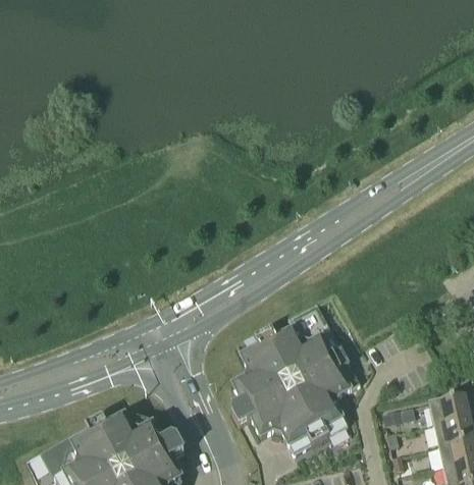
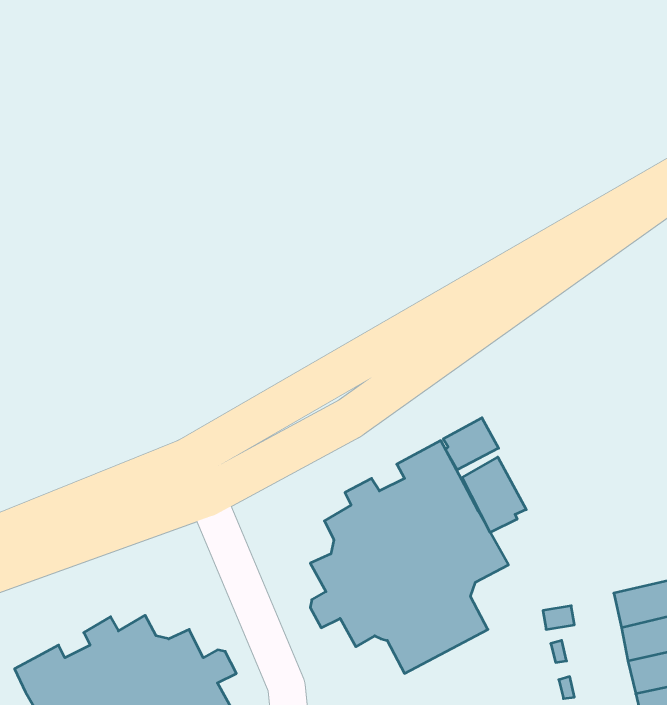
building: none -> [443,418,499,470]
building: none -> [462,457,526,533]

